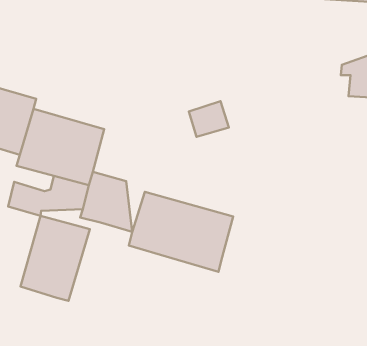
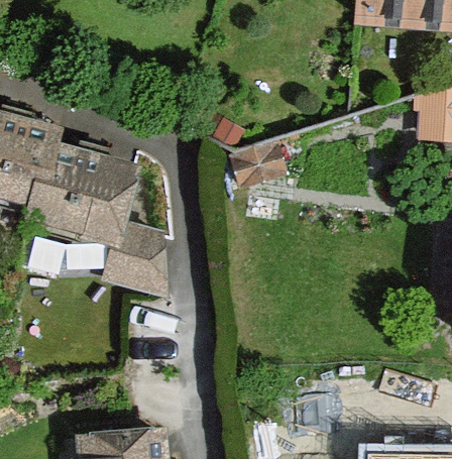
building: [129,192,233,272] -> none
building: [21,216,90,301] -> none

